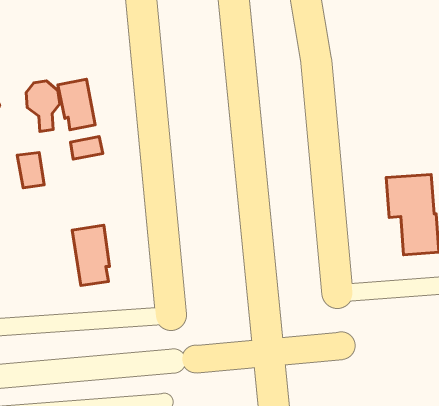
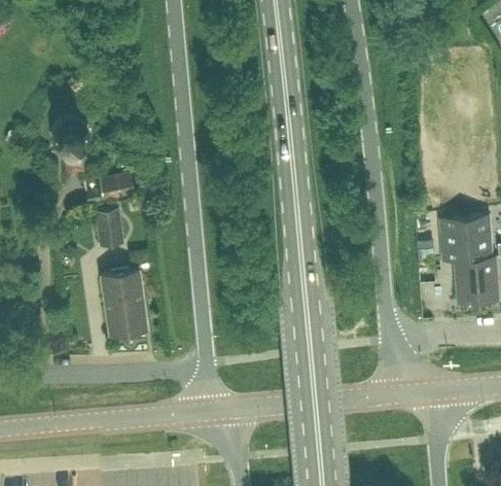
building: [58,79,95,130] -> none
building: [17,152,44,188] -> [95,209,123,247]

